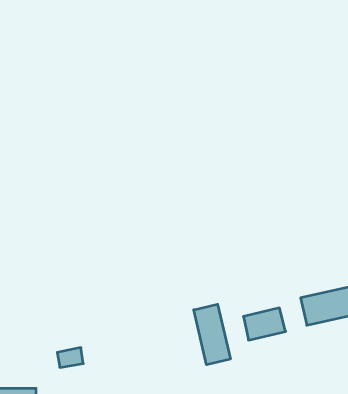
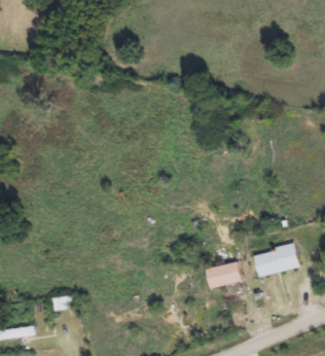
building: [194,304,230,365] -> none

